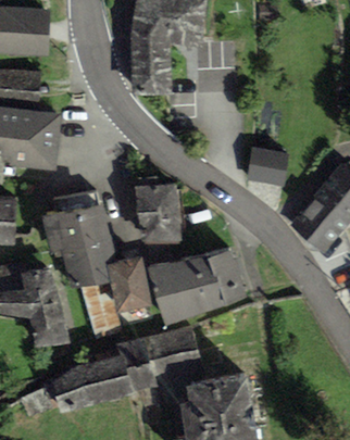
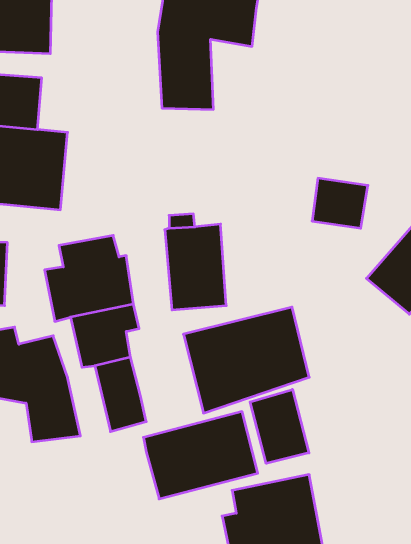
building: [105,256,151,313] -> none
building: none -> [250,389,309,463]
building: [54,355,132,414] -> none

